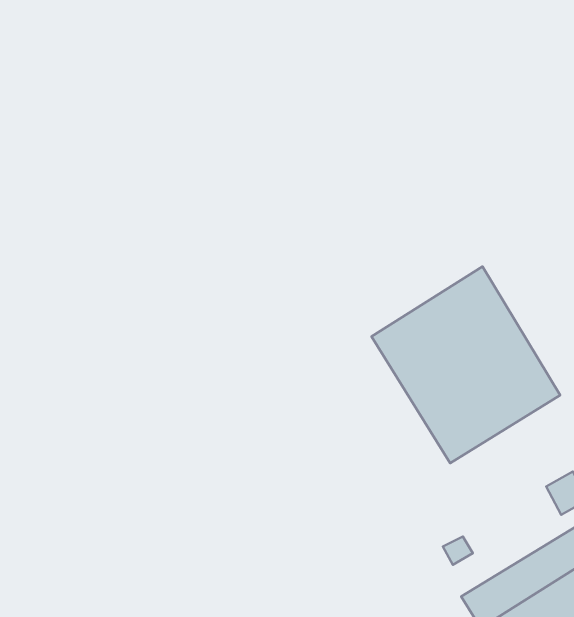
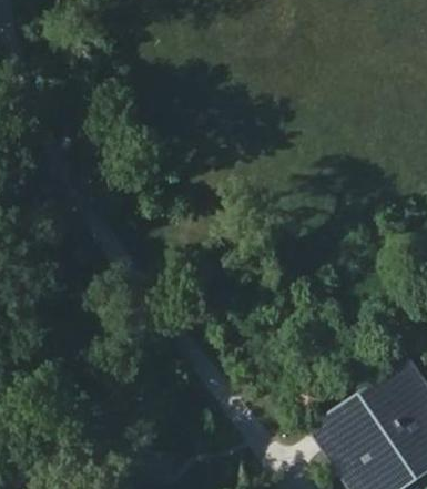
building: [372,267,560,463] -> none

